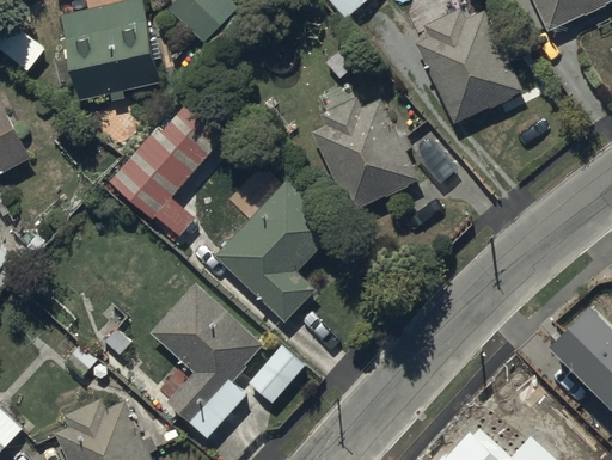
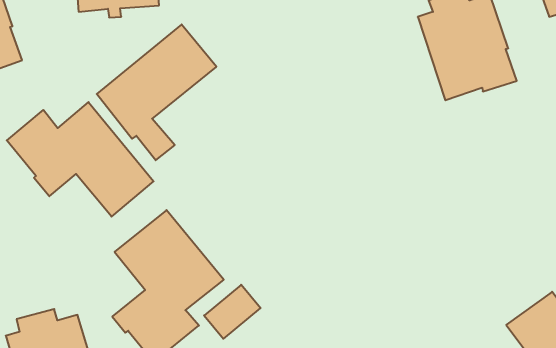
building: [311,96,418,209] -> none
building: [214,178,337,320] -> none
building: none -> [7,102,154,217]

